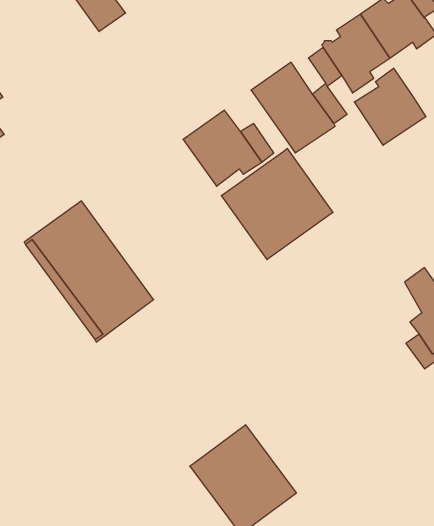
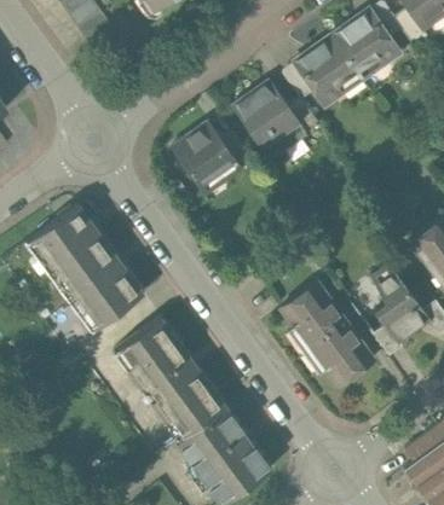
building: [354,68,426,145] -> none
building: [221,148,333,260] -> none
building: none -> [279,281,374,387]
building: none -> [114,318,227,442]

